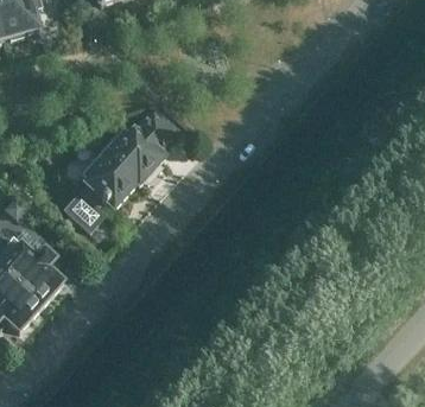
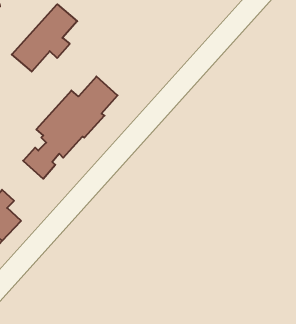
building: none -> [12,4,77,72]

